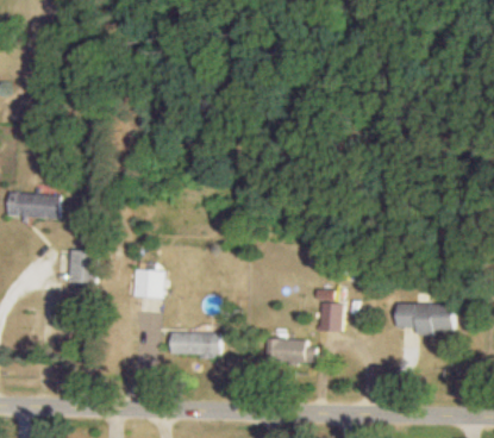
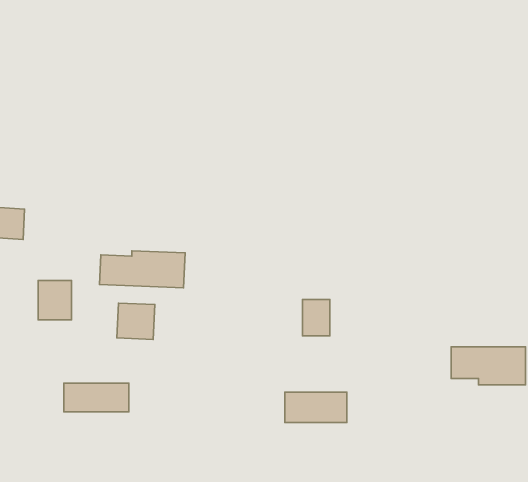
building: none -> [100,251,185,288]
building: [319,302,340,331] -> [302,299,330,336]
building: [169,332,220,355] -> [64,383,129,412]

